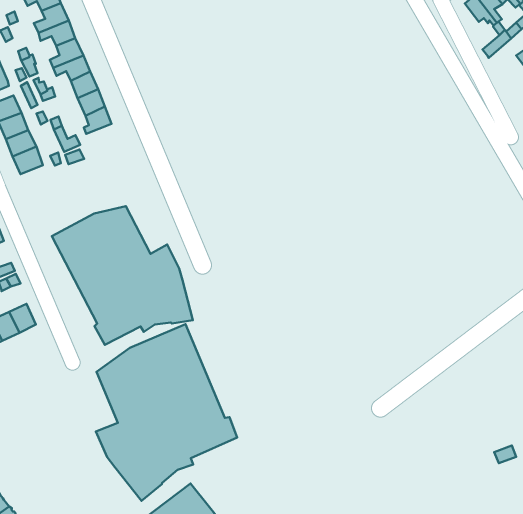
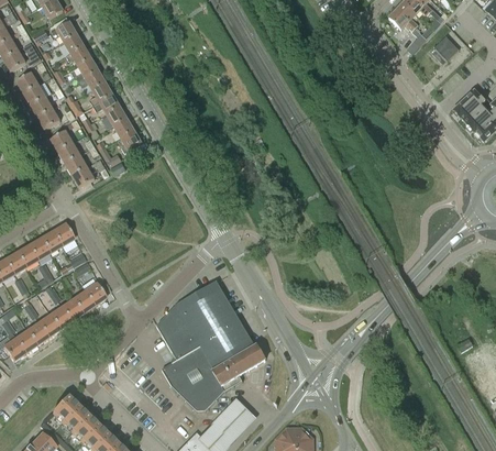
building: [52,206,193,345] -> none

